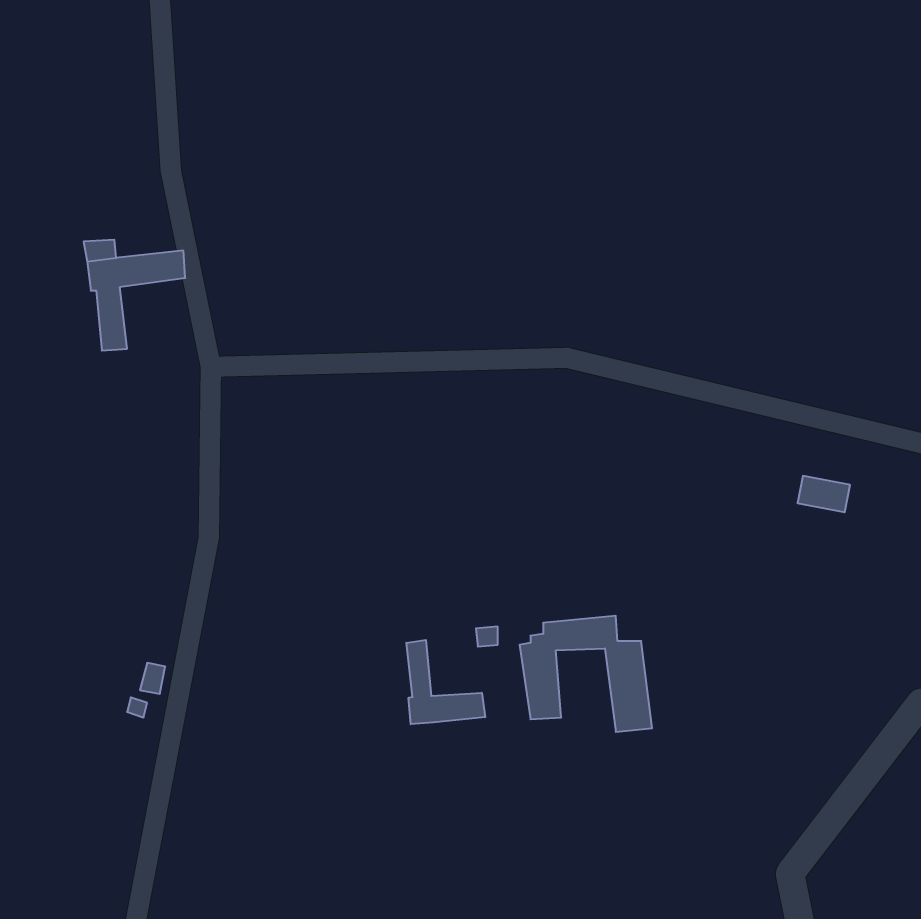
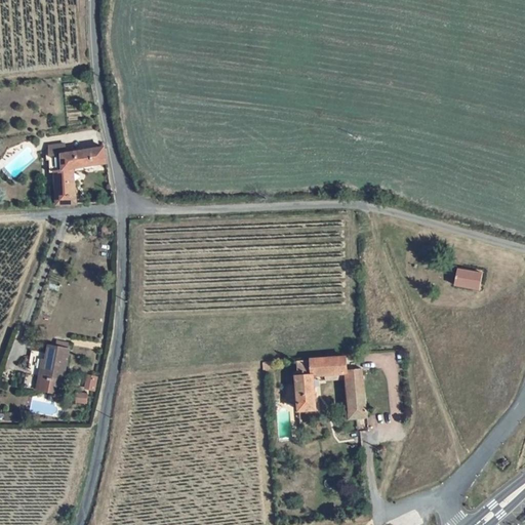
building: none -> [40,345,70,391]
building: [406,640,485,724] -> none

